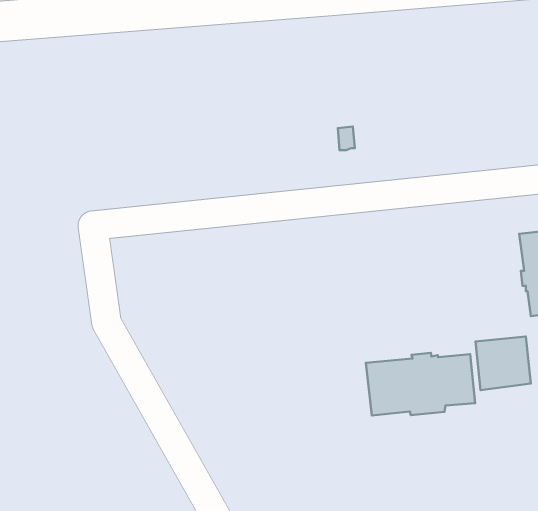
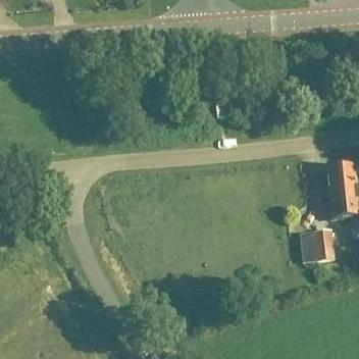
building: [366,353,475,416] -> none

